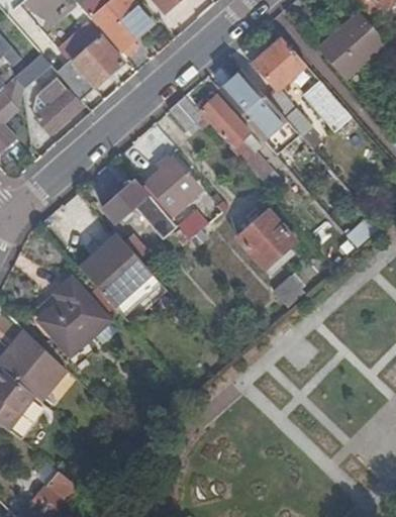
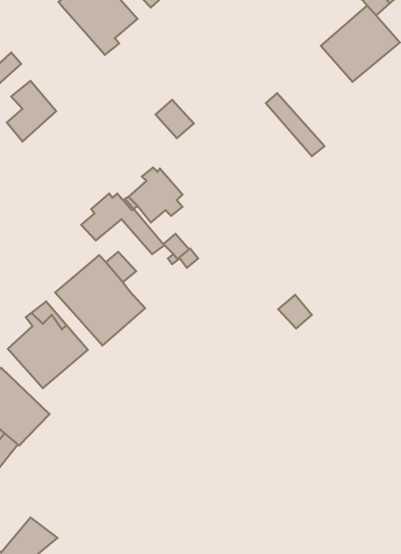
building: [58,14,119,95] -> none
building: [254,36,306,89] -> none
building: [225,72,275,125] -> none
building: [305,82,351,130] -> none
building: [200,94,270,180] -> none
building: [237,210,295,268] -> none

